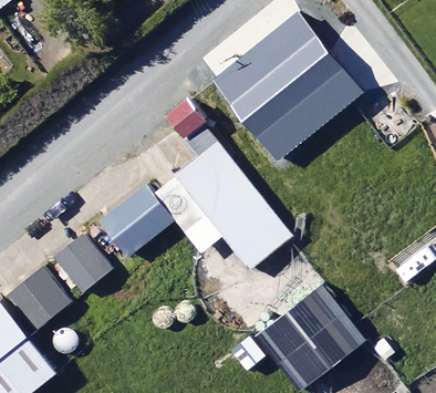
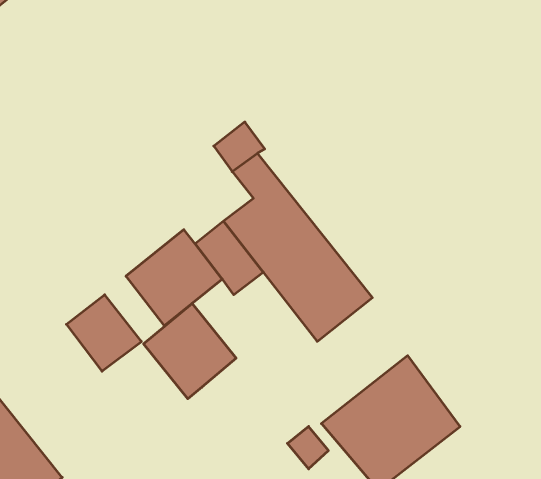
building: [212,20,347,155] -> none
building: none -> [144,303,236,399]
building: [9,266,73,331] -> none

